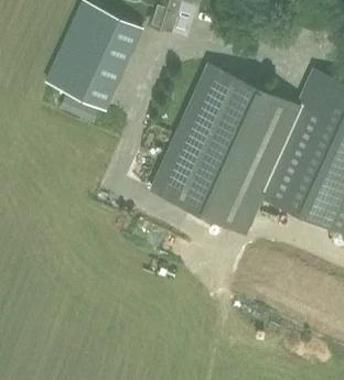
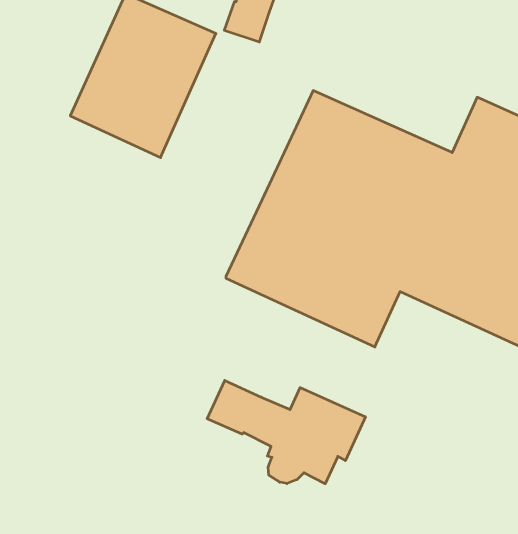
building: none -> [207,380,365,484]

